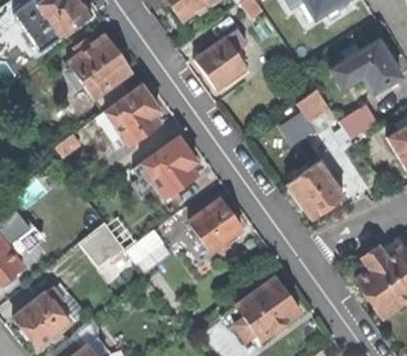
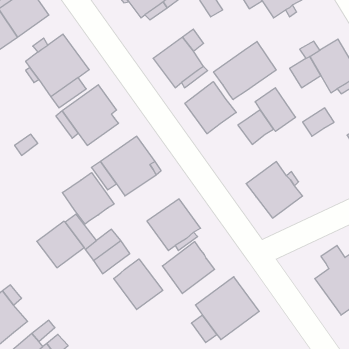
building: none -> [214,41,276,100]
building: none -> [185,82,236,134]
building: none -> [62,173,114,224]
building: none -> [162,242,215,294]
building: none -> [114,259,163,310]

